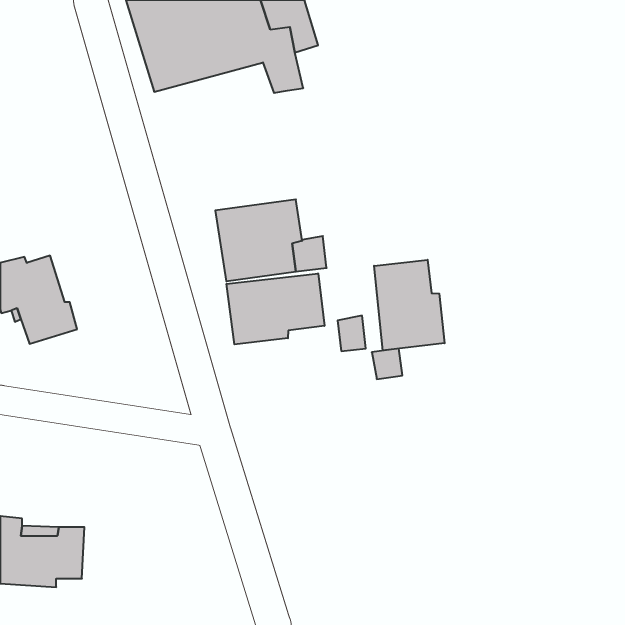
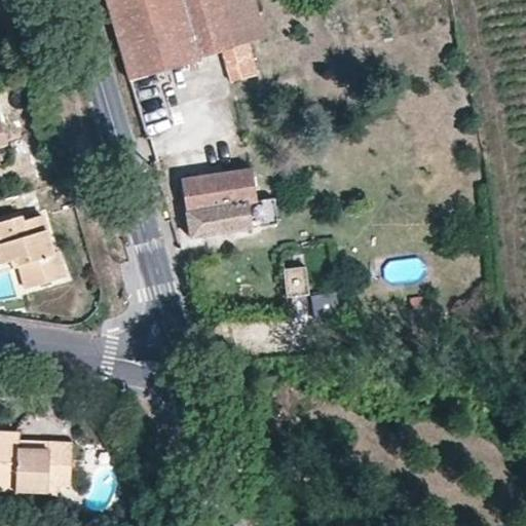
building: [374,260,445,350] -> none
building: [227,273,324,344] -> none

